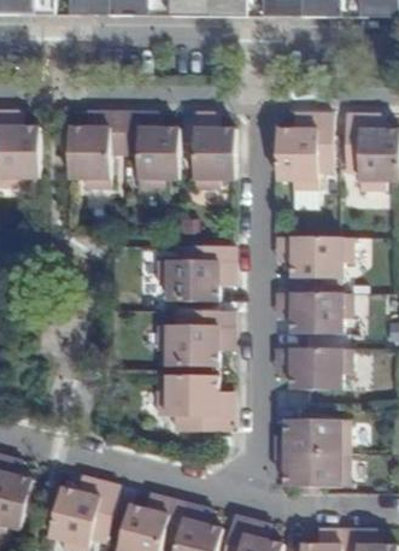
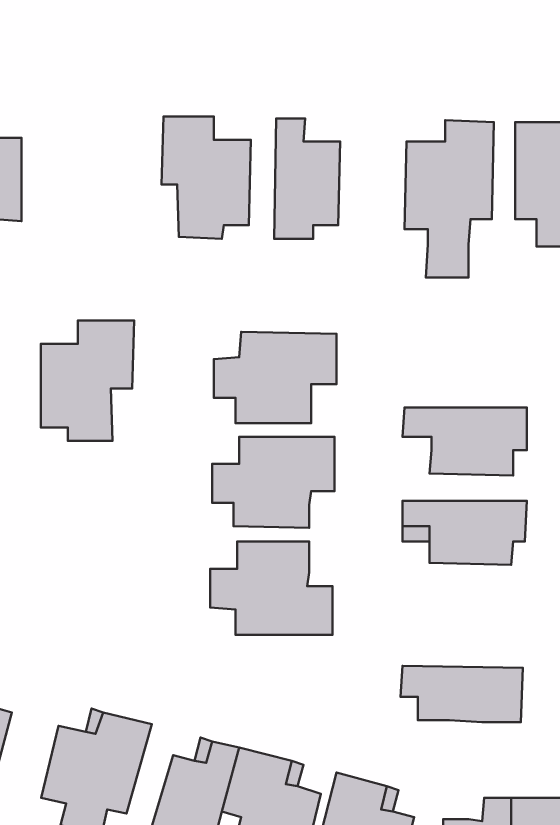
building: [69,110,127,184] -> [41,321,134,441]
building: [276,234,353,276] -> none
building: [275,416,351,452] -> none

